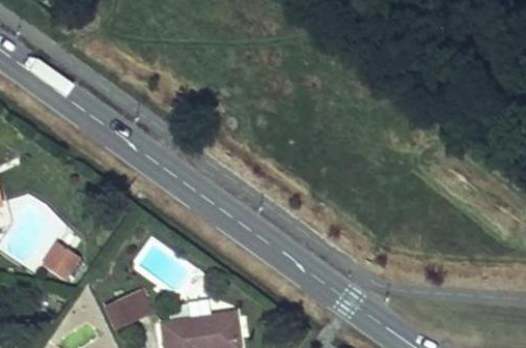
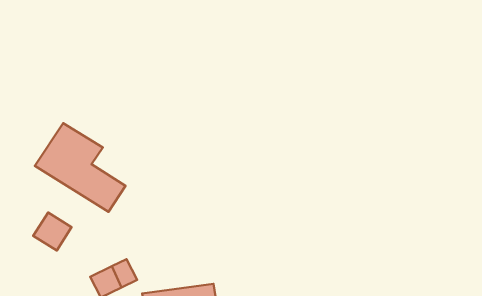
building: none -> [35,123,126,212]

